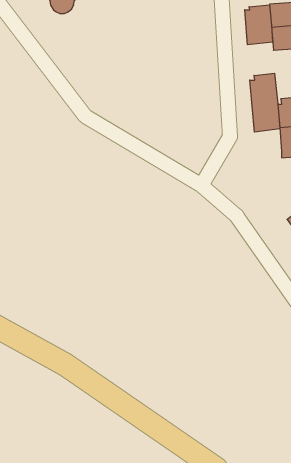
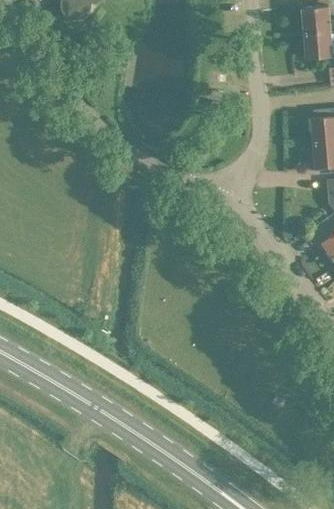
building: [245,5,273,45] -> none
building: [250,73,280,132] -> none

